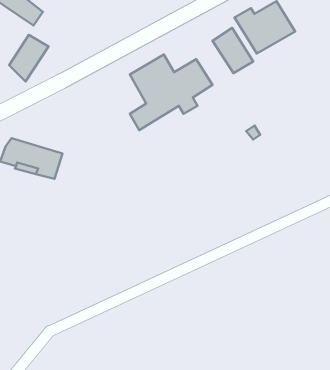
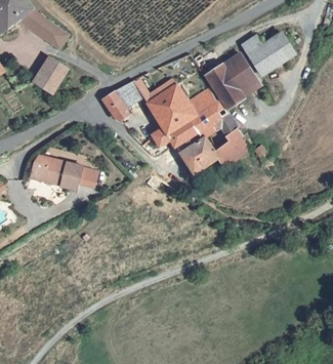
building: none -> [201,66,237,107]
building: none -> [105,80,144,118]
building: none -> [167,111,241,166]

